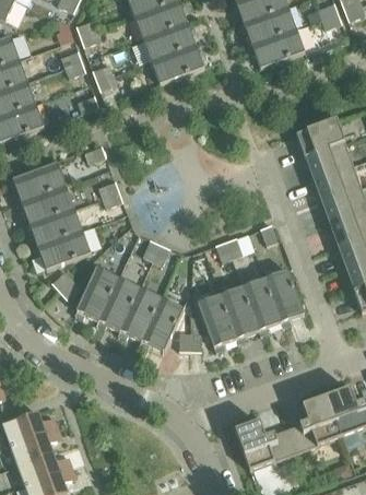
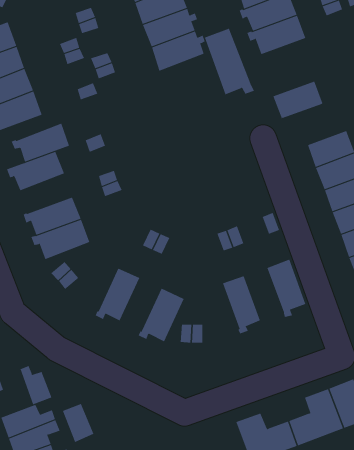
building: none -> [204,28,255,95]
building: [295,118,345,156] -> [273,81,324,120]
building: [15,184,73,223] -> [11,123,70,163]
building: [74,267,118,319] -> none
building: [243,276,281,334] -> none
building: [117,286,161,339] -> none
building: [198,292,237,351] -> none
building: none -> [20,365,52,405]
building: none -> [62,403,94,443]

